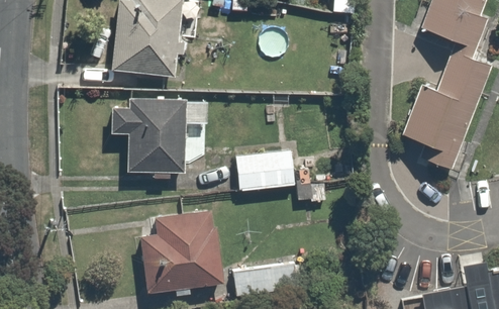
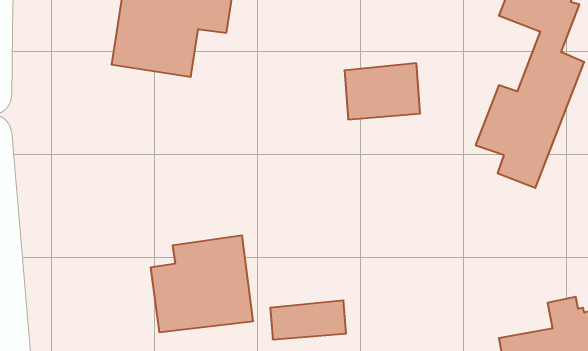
building: [106,96,184,179] -> none
building: [233,146,296,193] -> [344,63,420,119]

